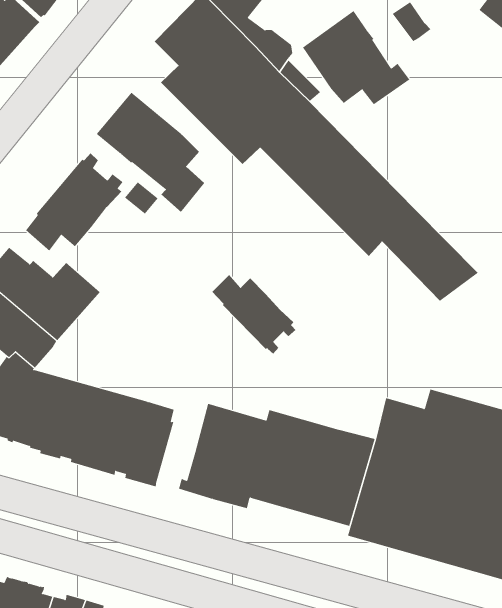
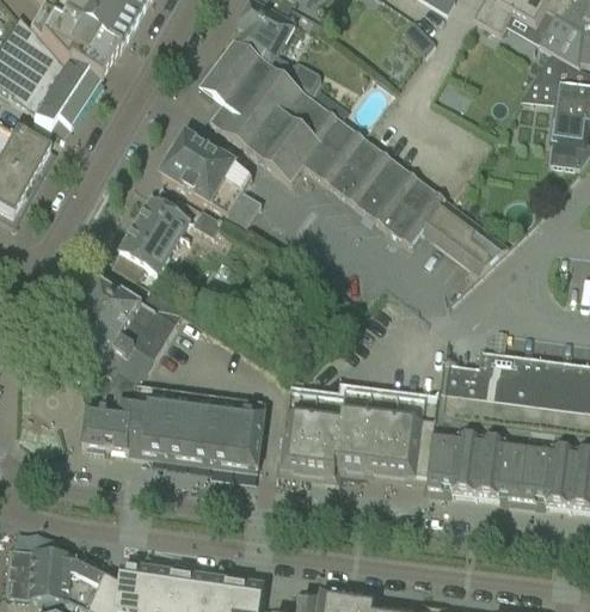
building: [302,10,410,105] -> none
building: [212,274,296,355] -> none

